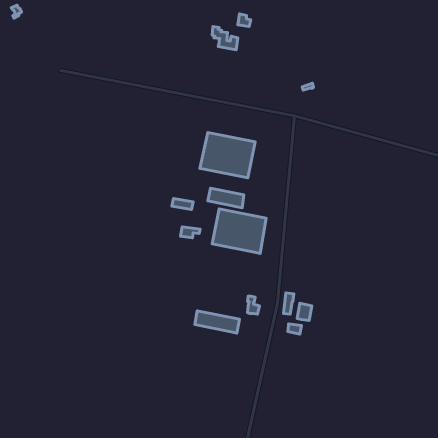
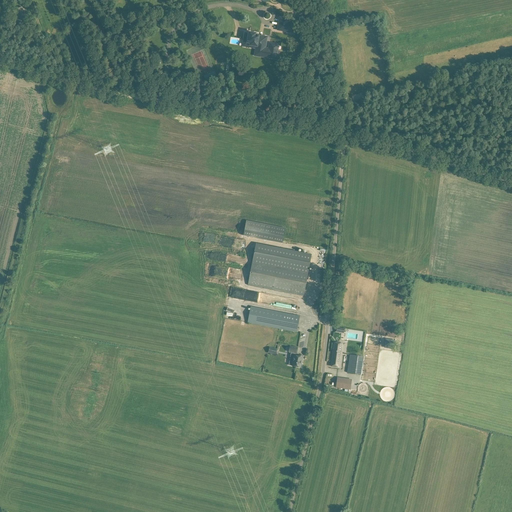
building: [200,133,255,178] -> none
building: [195,311,239,333] -> [247,305,299,331]

